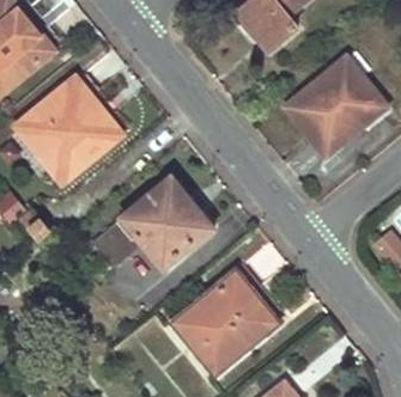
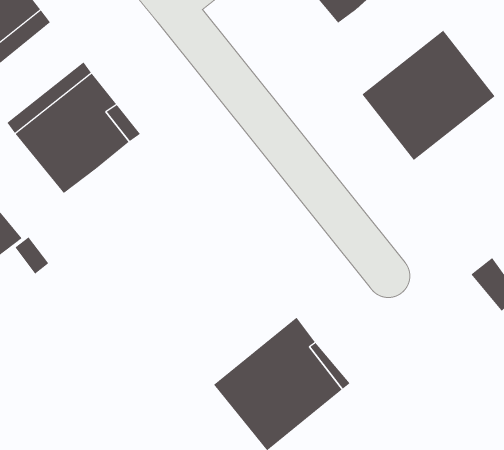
building: [93,178,211,265] -> none

